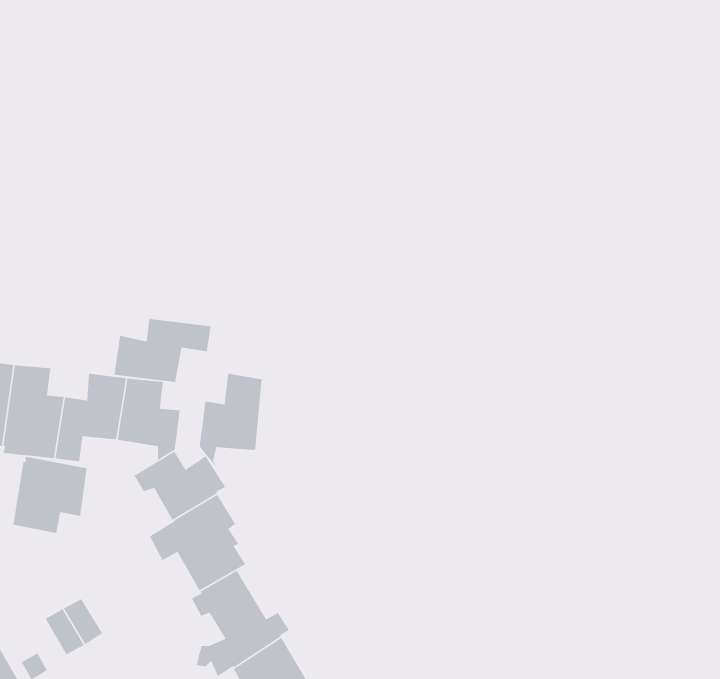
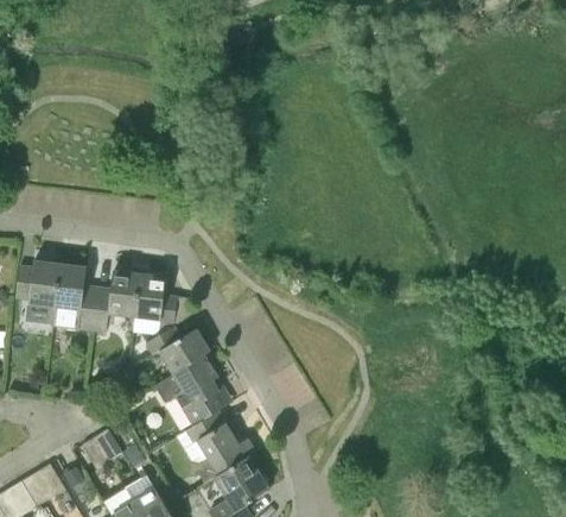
building: [113,318,211,383] -> none
building: [199,373,263,486] -> none
building: [12,456,87,534] -> none

